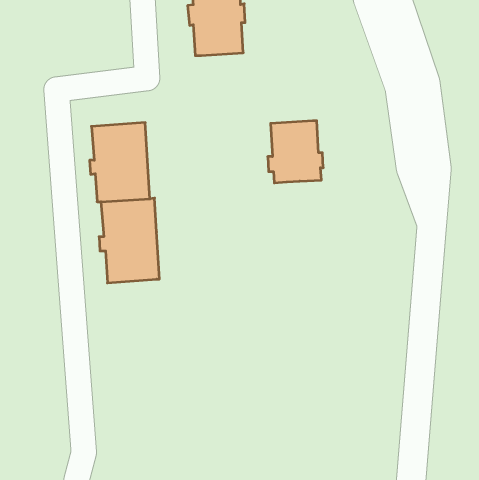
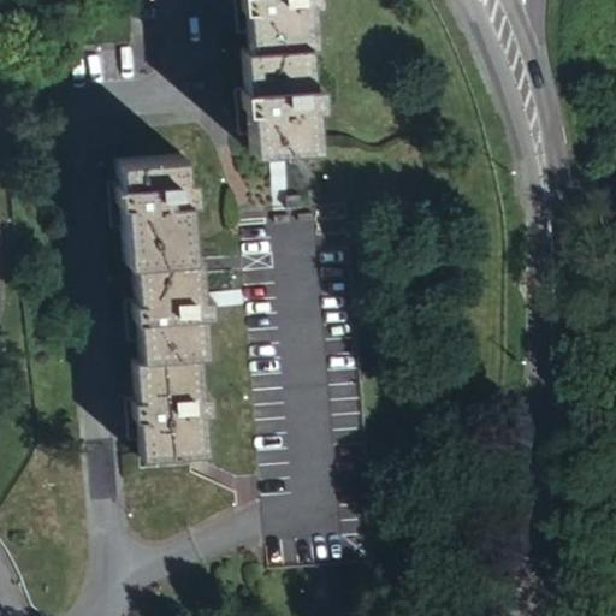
building: [268,121,323,183] -> [253,67,324,147]
building: none -> [136,356,211,457]

